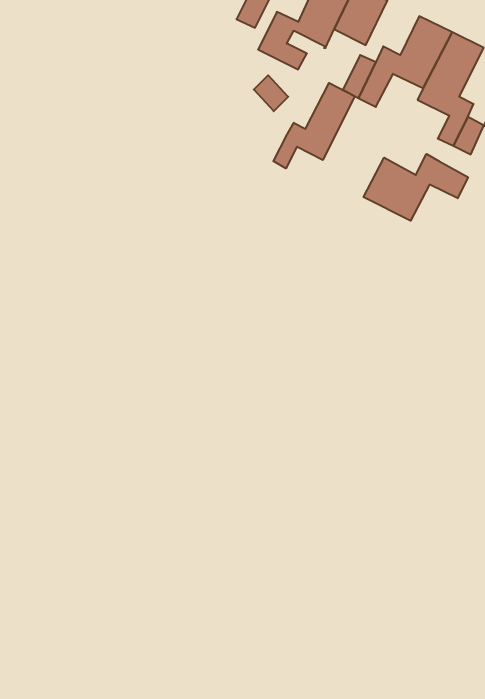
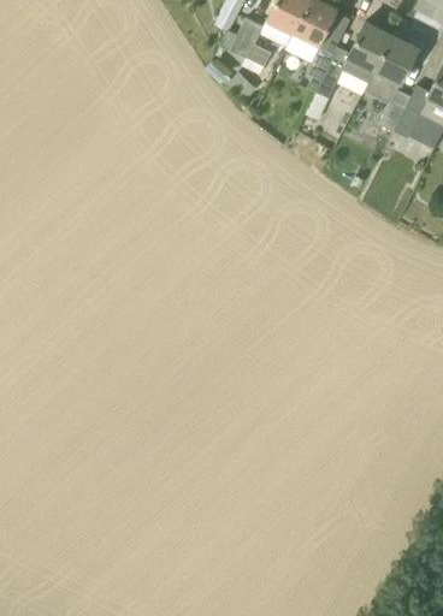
building: [273,83,355,168] -> none
building: [364,154,468,221] -> none

